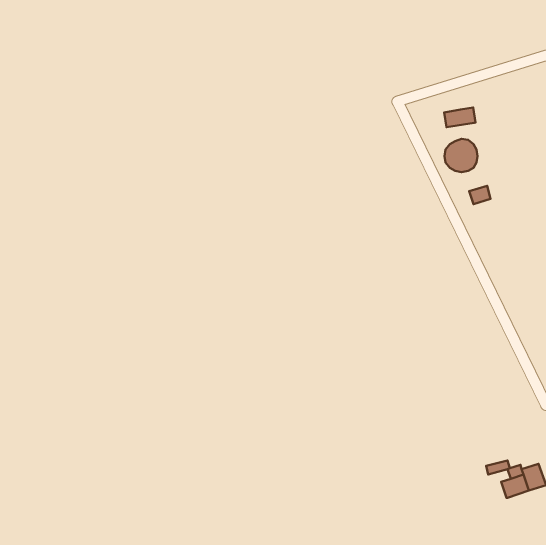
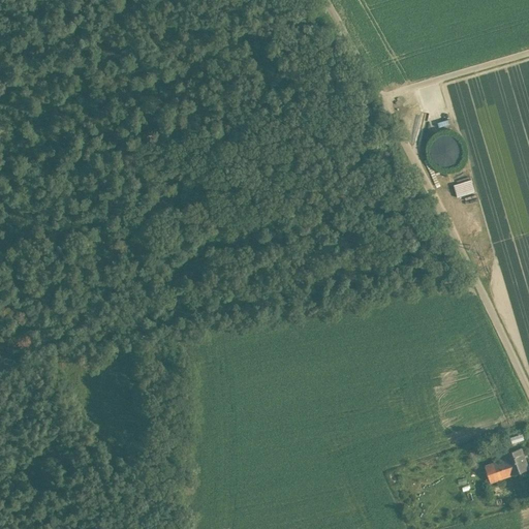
building: [444,108,475,127] -> none

